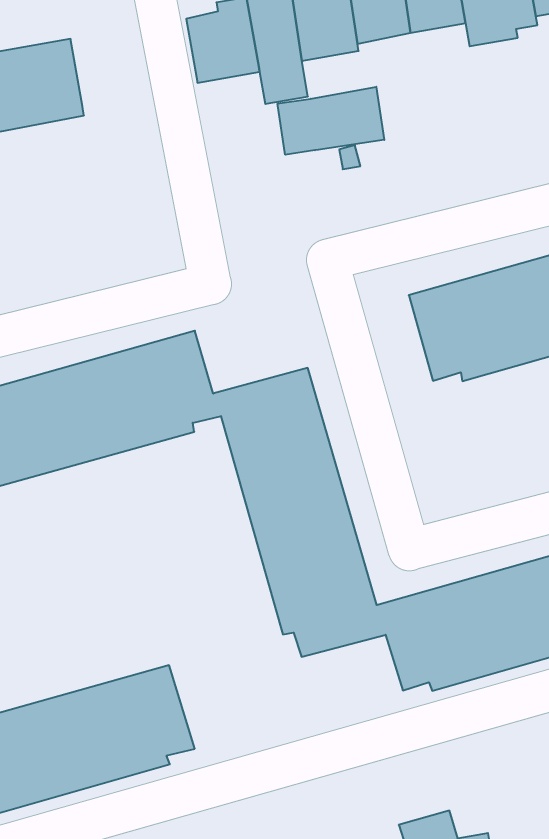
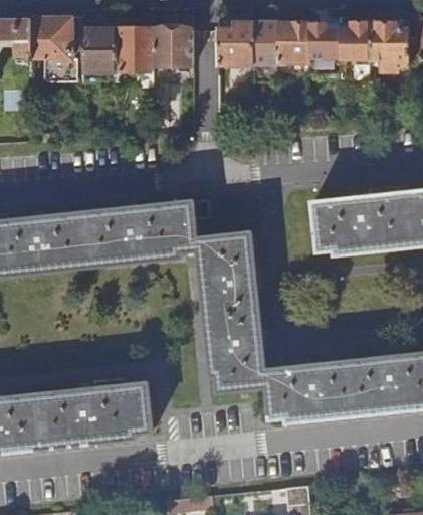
building: none -> [152,28,192,66]
building: [278,87,384,155] -> none

